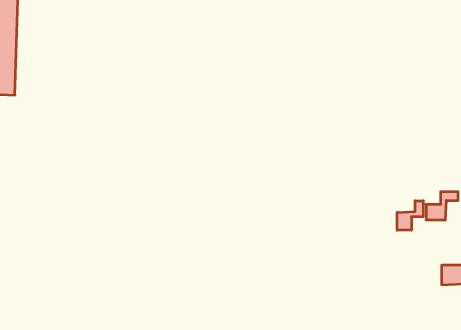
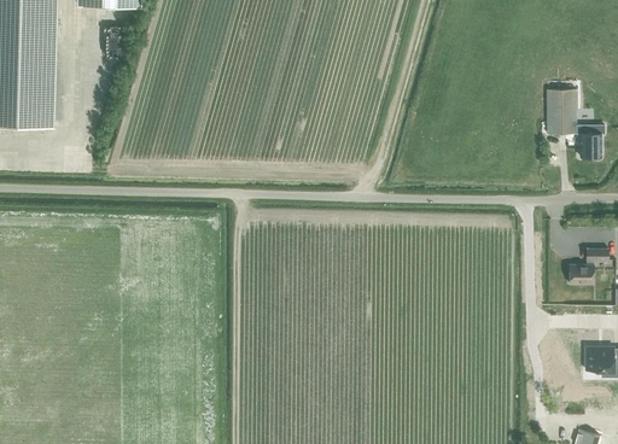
building: none -> [546,88,602,157]
building: [397,201,423,230] -> none

